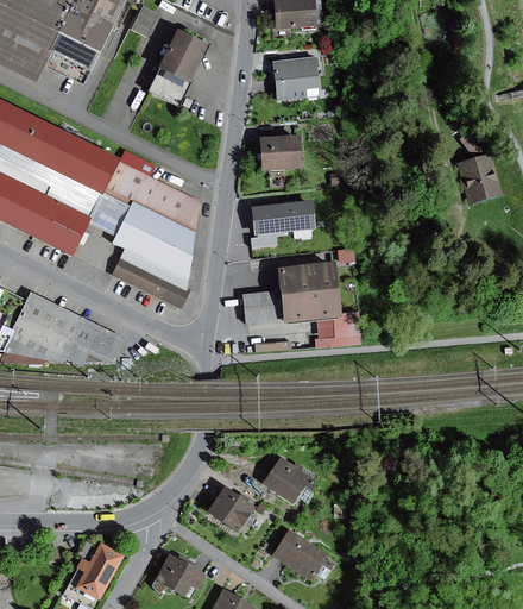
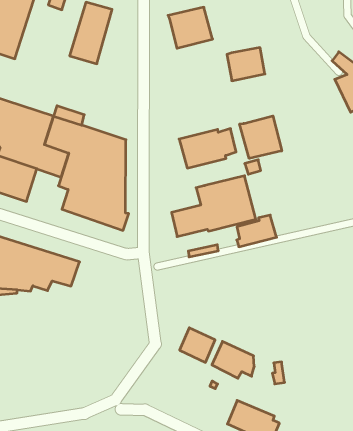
building: [259,136,301,170] -> [227,48,265,81]
building: none -> [240,116,282,158]
building: [209,486,253,530] -> [180,328,215,362]

